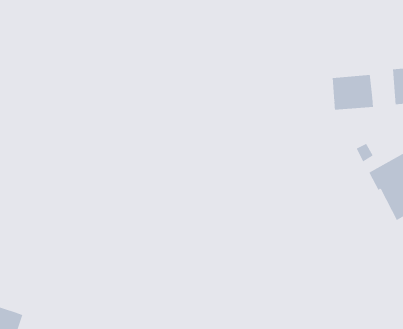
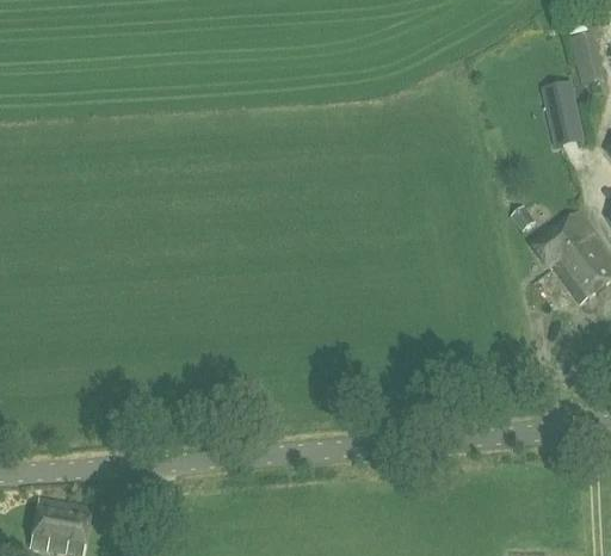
building: [332,74,374,111] -> none

